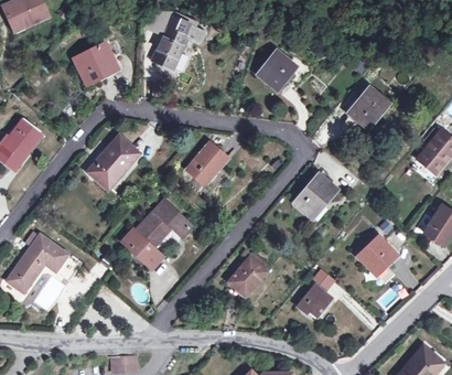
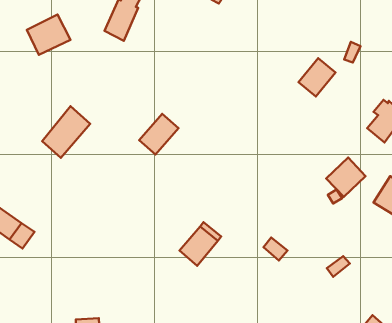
building: [258,52,295,89] -> none
building: [293,173,337,216] -> none
building: [125,202,190,267] -> none
building: [357,235,397,275] -> [326,158,366,197]
building: [298,283,333,317] -> none

